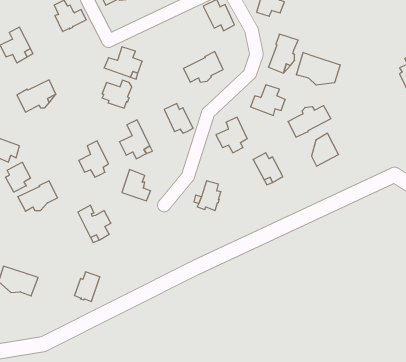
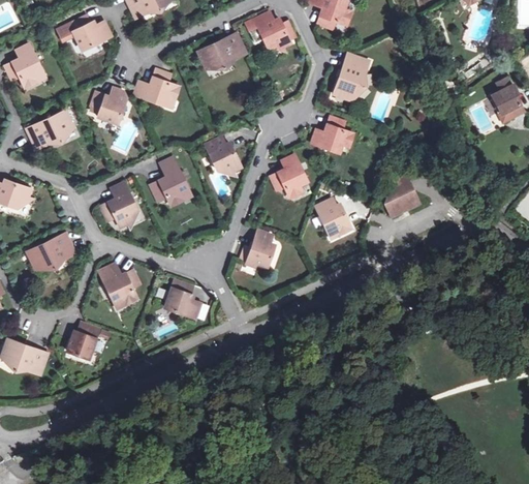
building: [183,52,223,82] -> [197,31,246,68]
building: [297,52,340,85] -> none
building: [102,80,132,108] -> [90,88,126,122]
building: [288,106,331,137] -> none
building: [6,162,30,192] -> none
building: [122,170,151,201] -> [165,280,200,319]
building: [74,272,100,302] -> [67,324,98,360]

